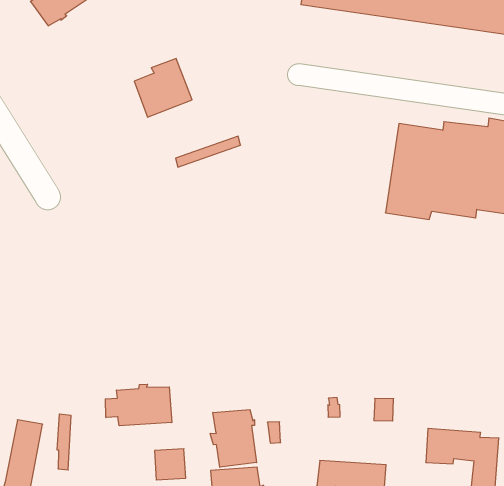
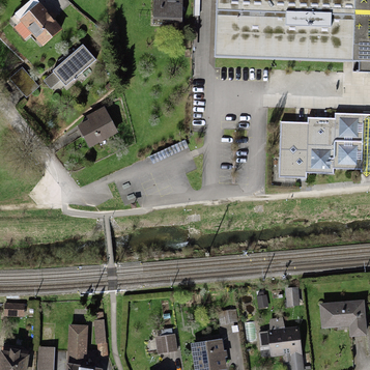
building: [134,59,192,117] -> [79,108,115,145]
building: [105,384,172,426] -> none
building: [210,410,257,467] -> none

